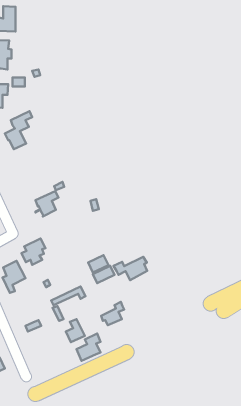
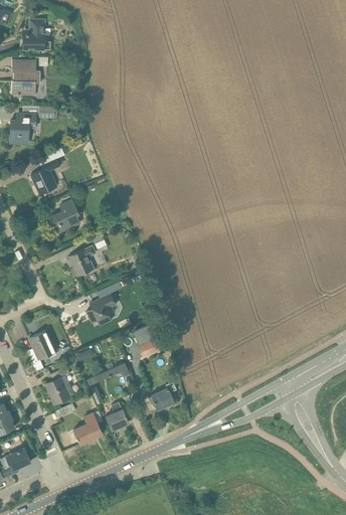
building: none -> [50,199,80,230]
building: [22,238,45,265] -> [86,293,116,325]
building: [114,257,147,280] -> none
building: none -> [44,366,71,403]
building: [76,334,100,361] -> [73,410,103,444]

